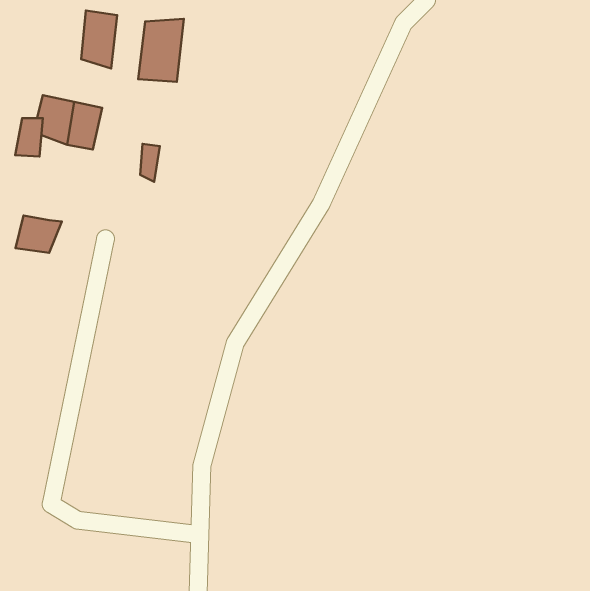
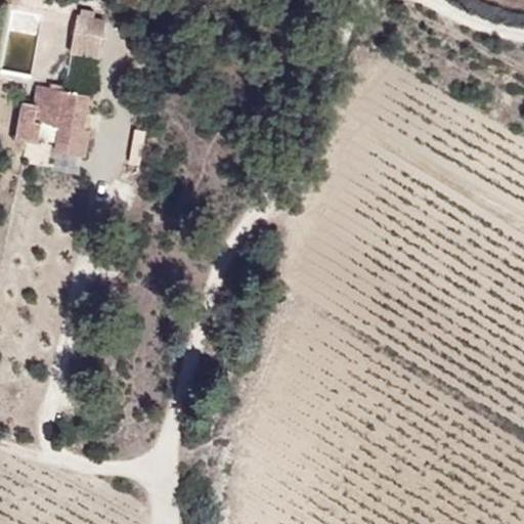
building: [138,19,184,82] -> none
building: [16,216,62,253] -> [52,129,93,162]

